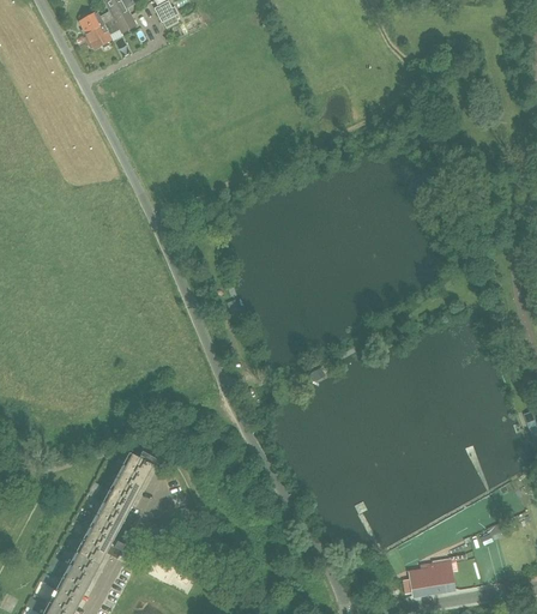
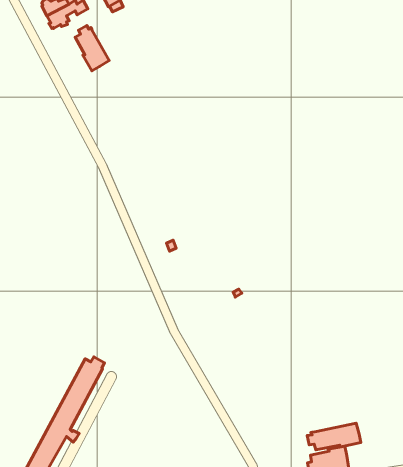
building: none -> [75,25,109,71]
building: none -> [307,423,361,450]

